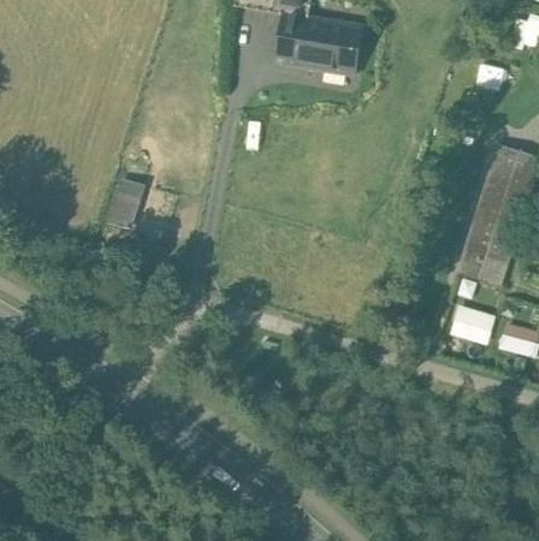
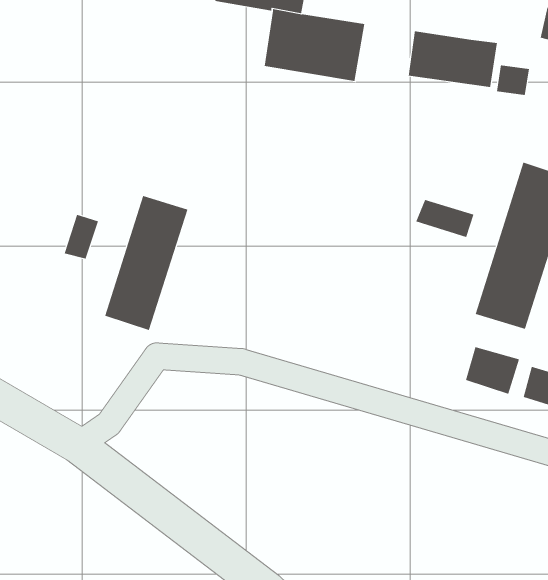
building: none -> [408,30,498,88]
building: none -> [104,195,188,331]
building: none -> [416,199,474,238]

